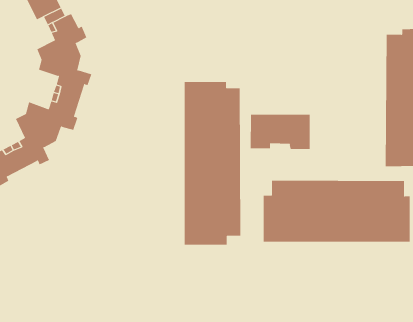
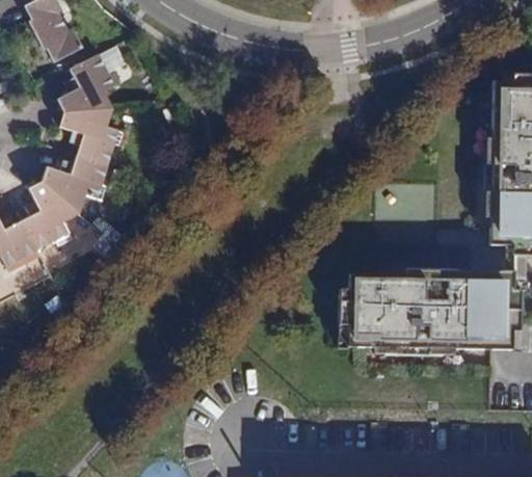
building: [184,81,241,246] -> none
building: [250,114,310,150] -> none

